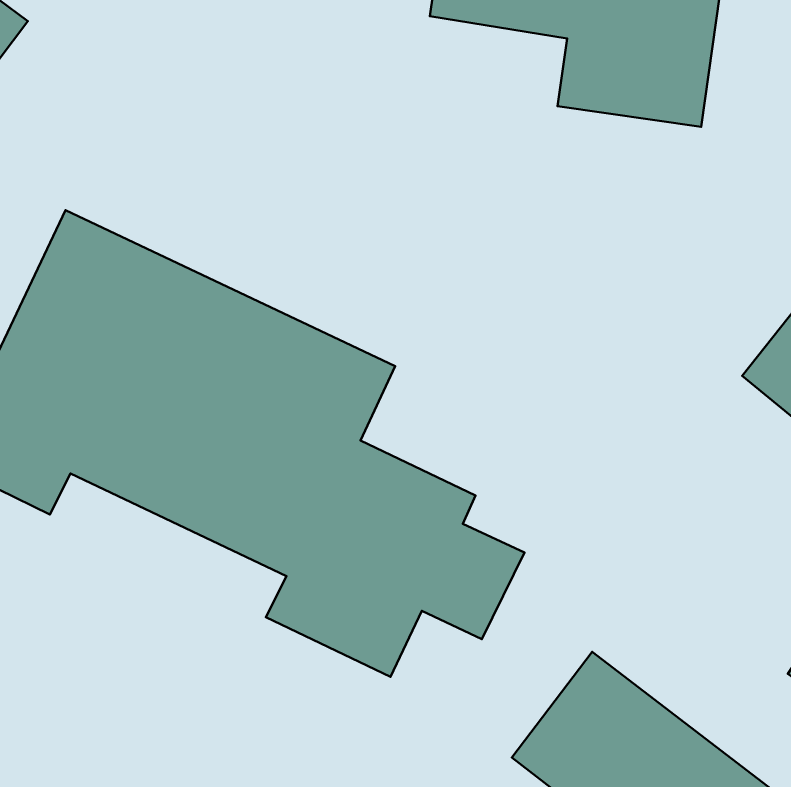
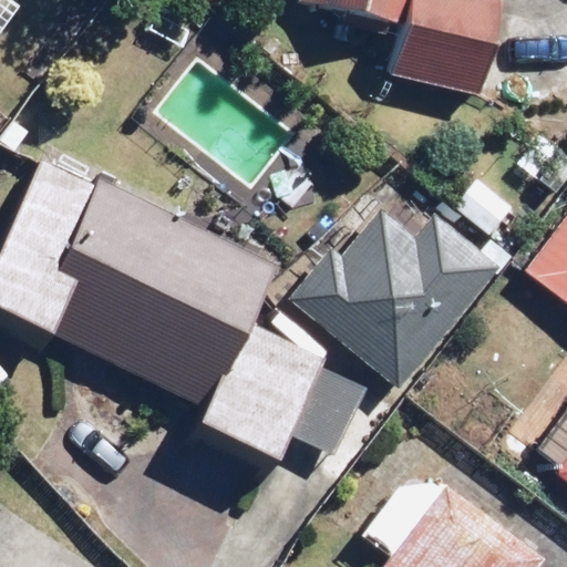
building: none -> [291,176,518,384]

